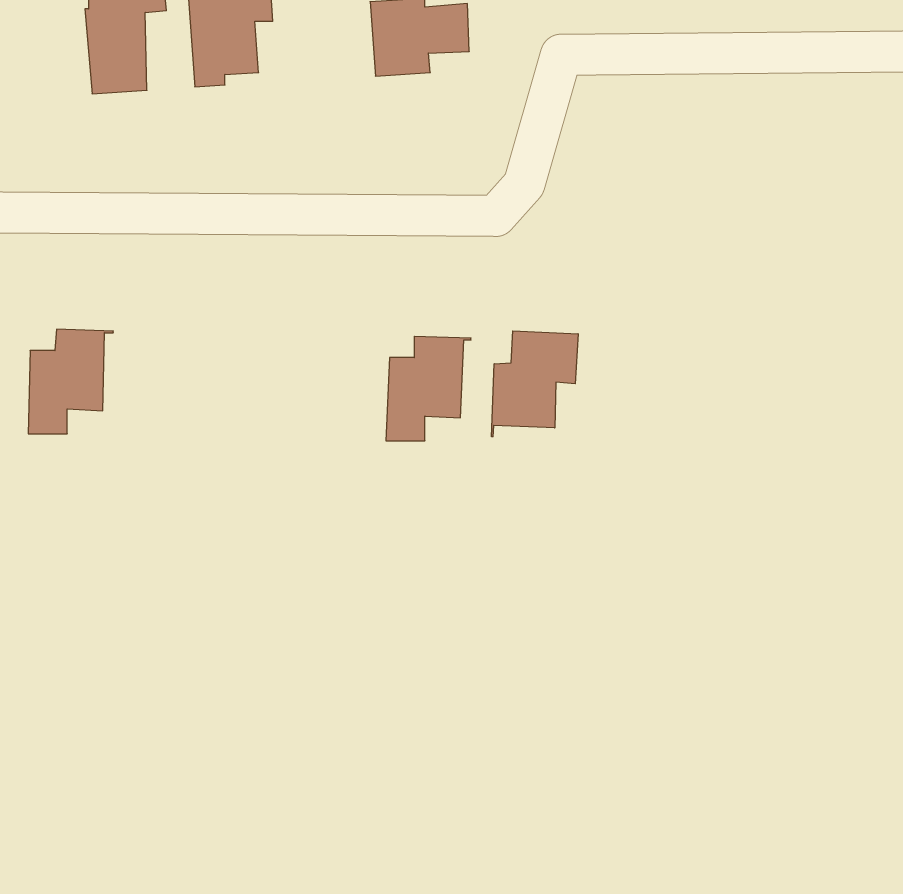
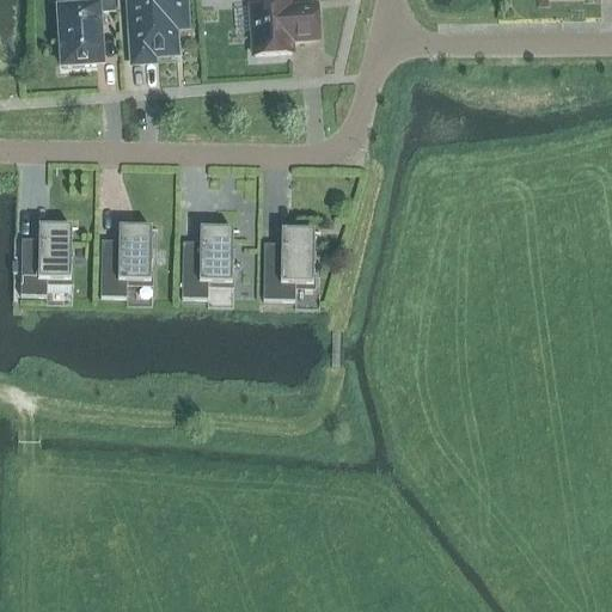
building: [492,331,578,437] -> none
building: none -> [100,224,158,295]
building: none -> [182,226,239,296]

